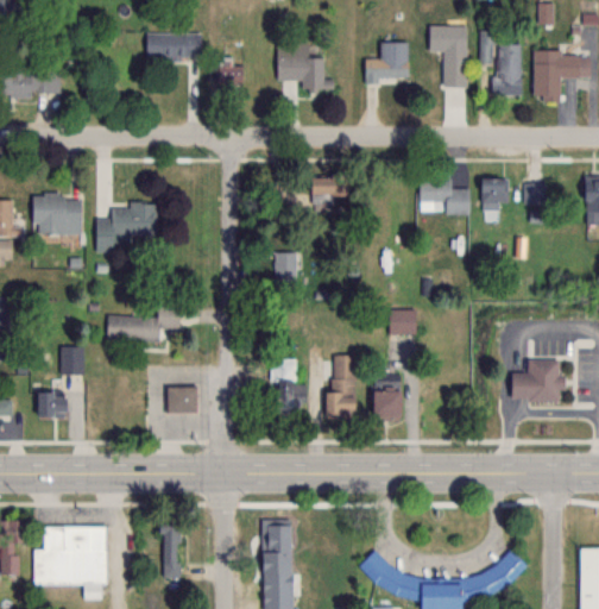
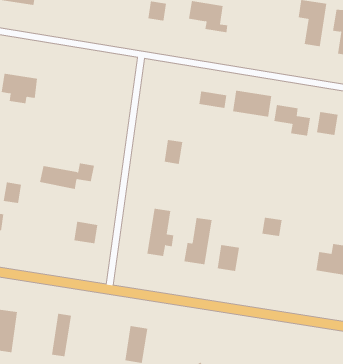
building: [365,43,409,81] -> none
building: none -> [232,90,272,118]
building: [95,202,156,252] -> none
building: [389,310,415,334] -> [262,217,283,237]

